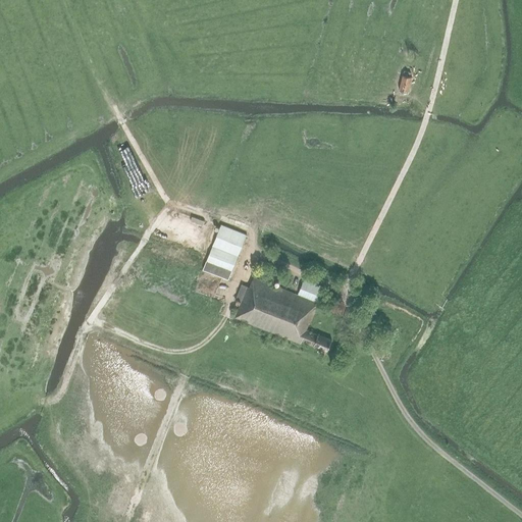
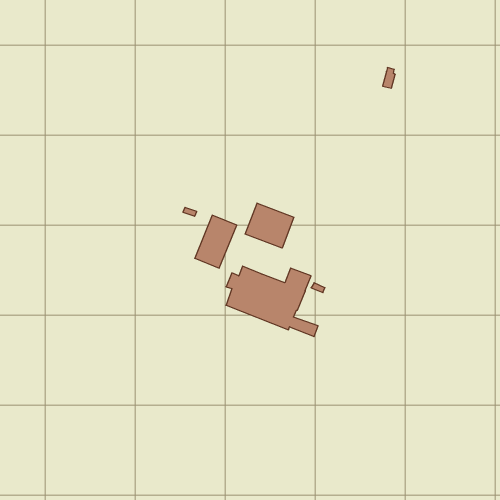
building: none -> [245,203,294,248]

